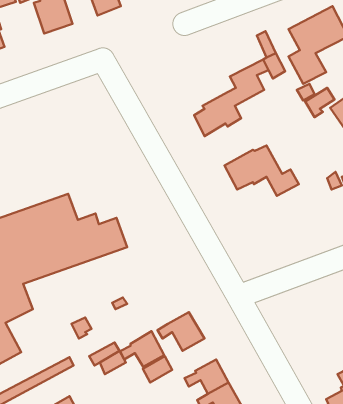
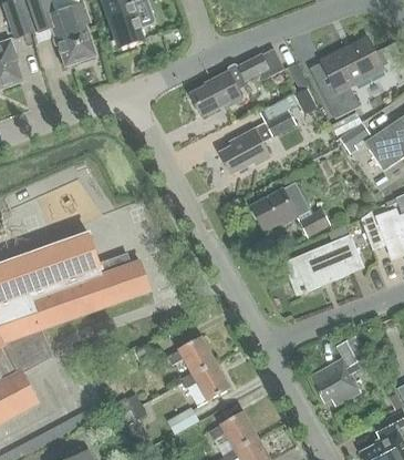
building: none -> [188,48,283,115]
building: none -> [283,222,363,294]
building: none -> [311,336,366,406]
building: [120,331,164,367] -> [168,334,215,371]

